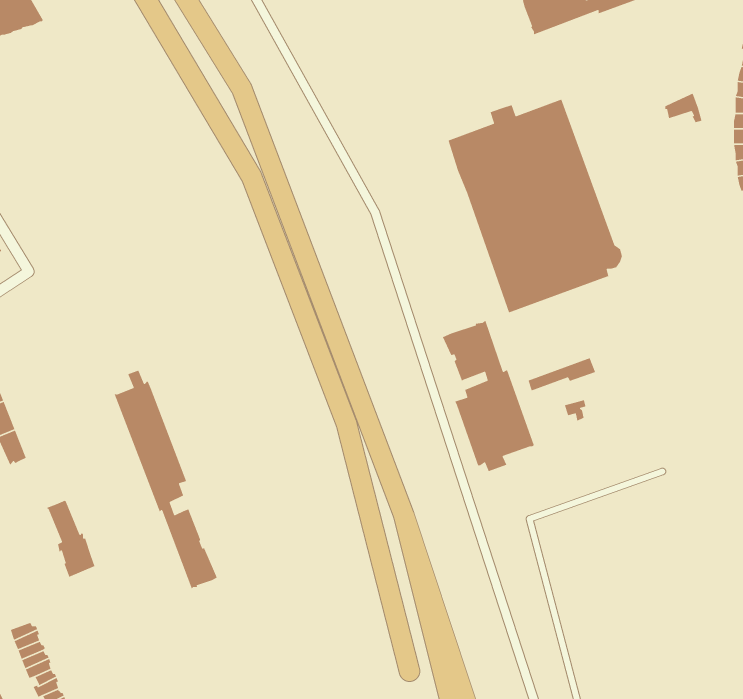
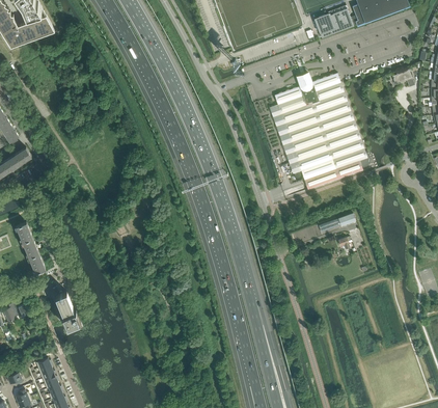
building: [442,320,535,472] -> none
building: [114,370,218,590] -> none

